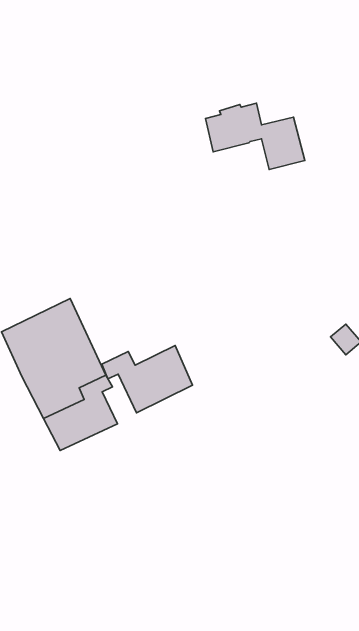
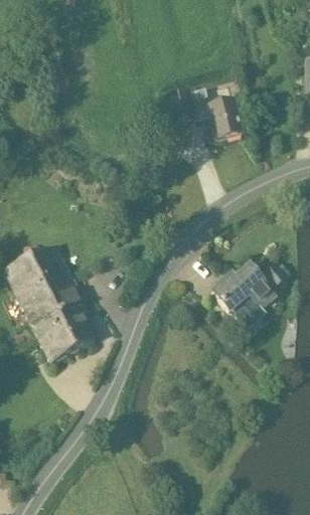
building: none -> [210,265,274,311]
building: [102,346,193,413] -> none

